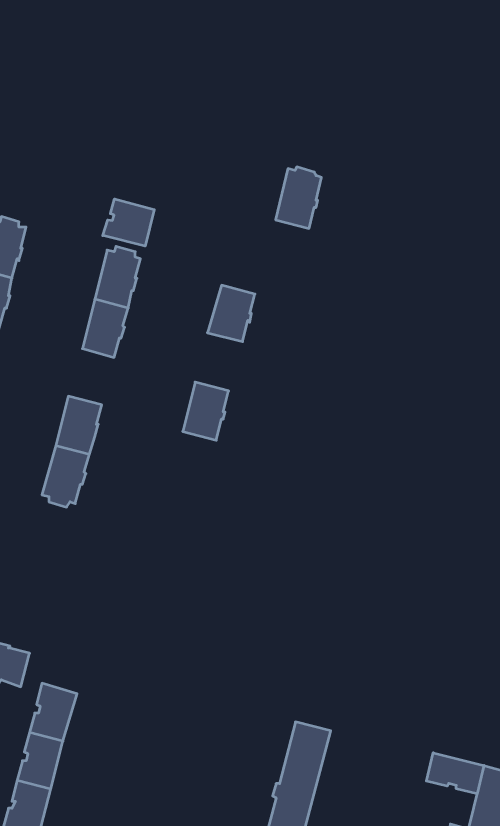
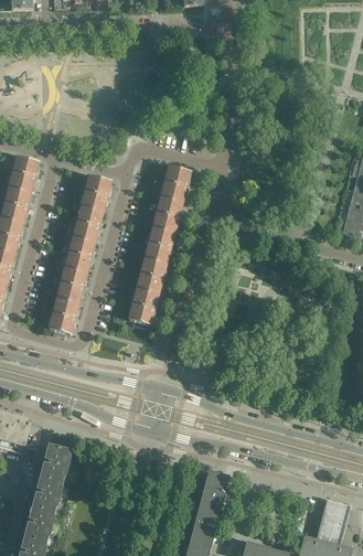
building: [276,167,321,228] -> [160,165,189,204]
building: [103,199,154,246] -> none
building: none -> [143,228,173,265]
building: none -> [64,238,93,274]
building: none -> [127,290,157,328]
building: [426,753,484,794] -> none

